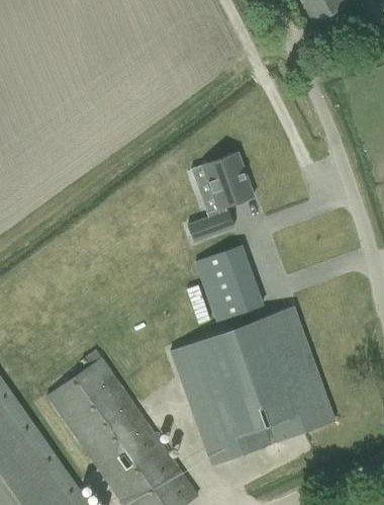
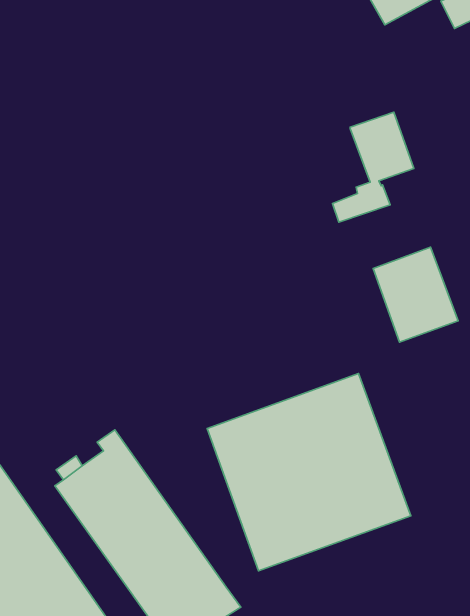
building: [188,152,254,241] -> [333,112,414,222]
building: [195,244,264,321] -> [373,247,458,342]

